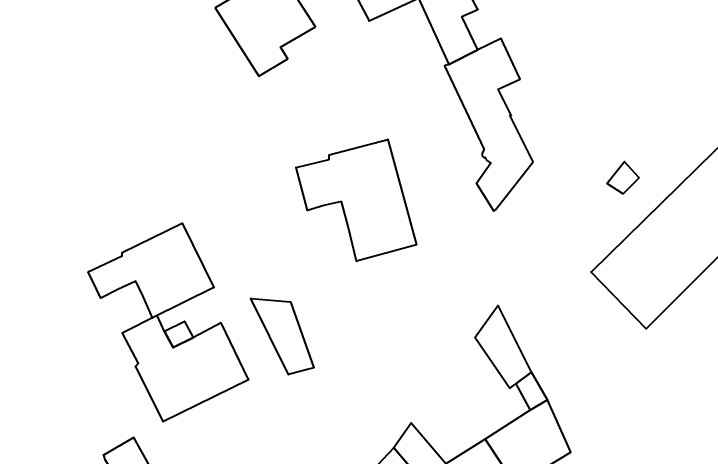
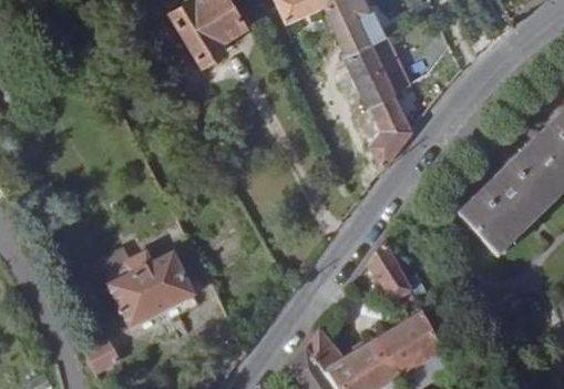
building: [296,139,416,261] -> none
building: [88,223,214,318] -> none
building: [251,298,314,375] -> none

